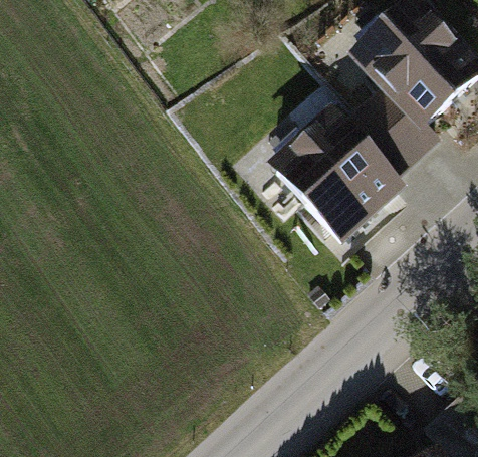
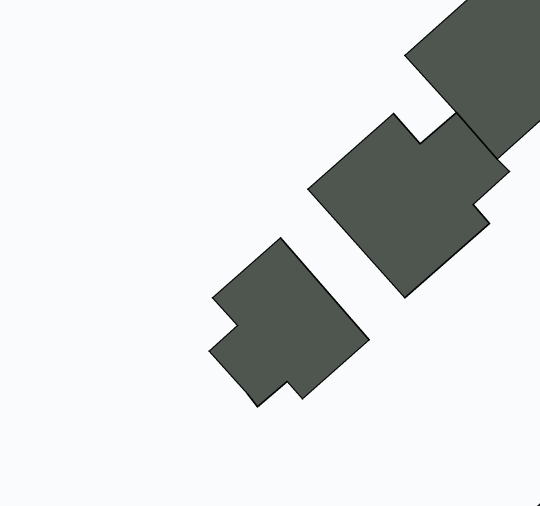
building: none -> [209,238,369,407]

